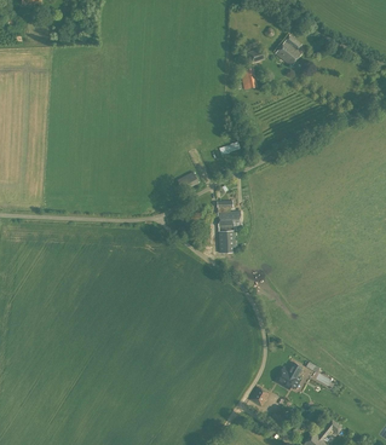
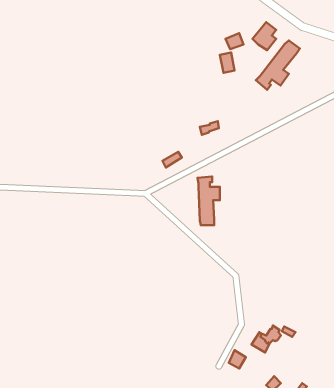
building: none -> [256,40,300,90]

